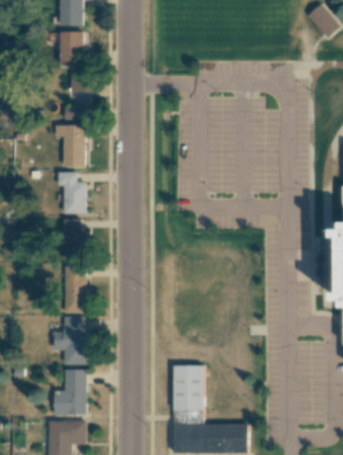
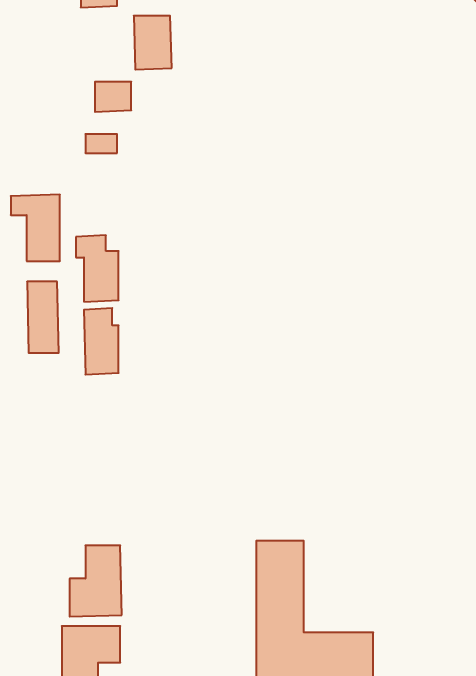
building: [59,31,83,66] -> [134,16,172,70]
building: [52,124,84,166] -> [11,195,60,261]
building: [65,266,85,312] -> [27,282,59,353]
building: [50,316,85,364] -> none

